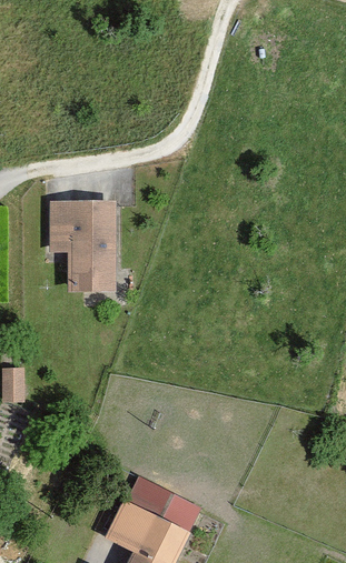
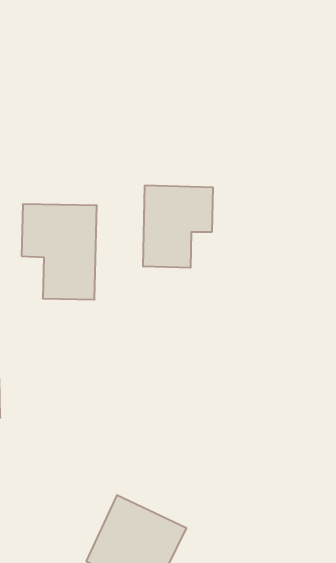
building: none -> [143,185,213,268]

